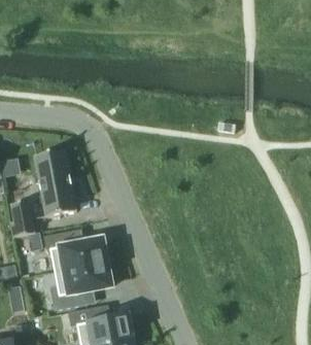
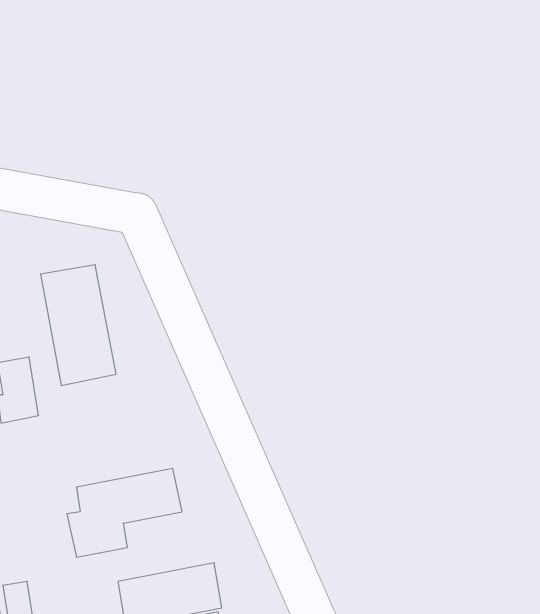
building: [43,228,107,271] -> none

